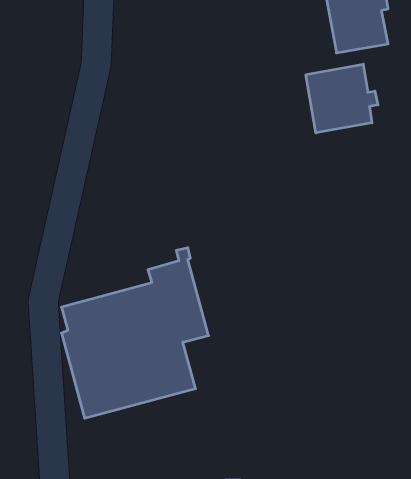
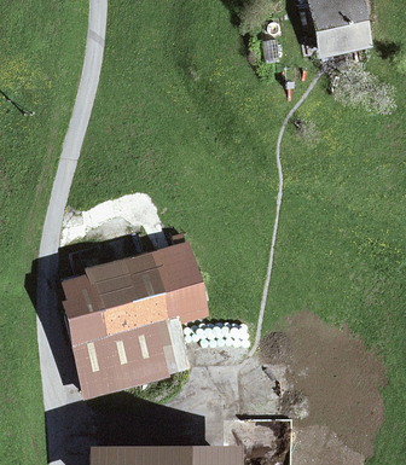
building: [306,64,378,133] -> none

